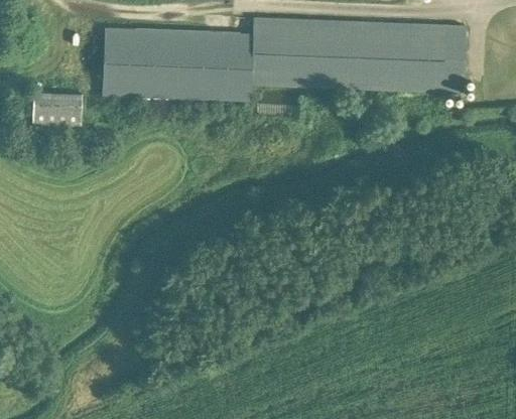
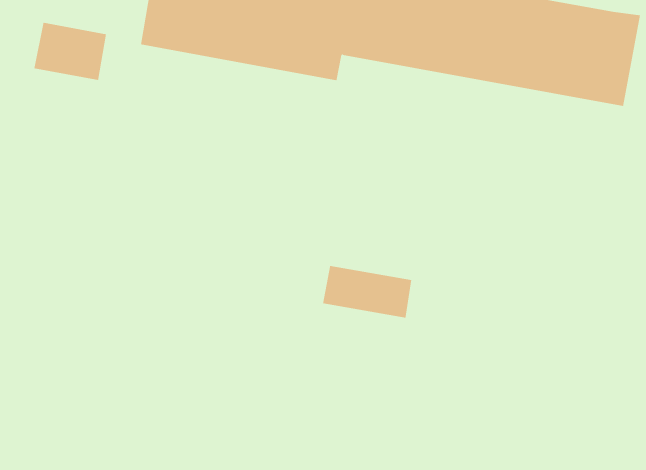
building: none -> [322,265,412,319]

